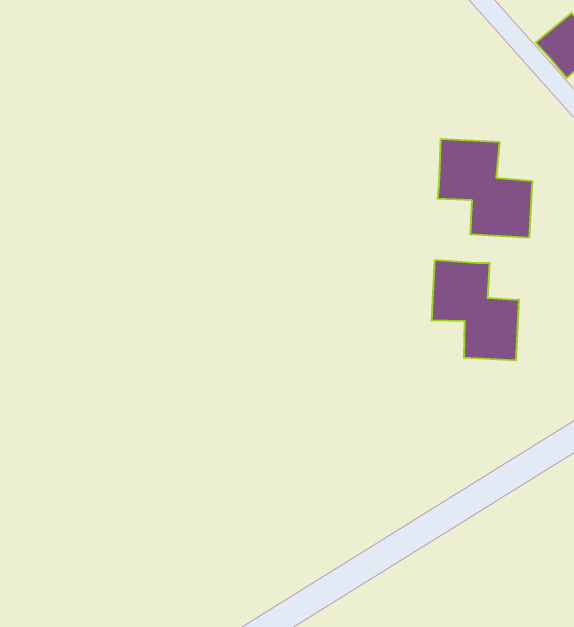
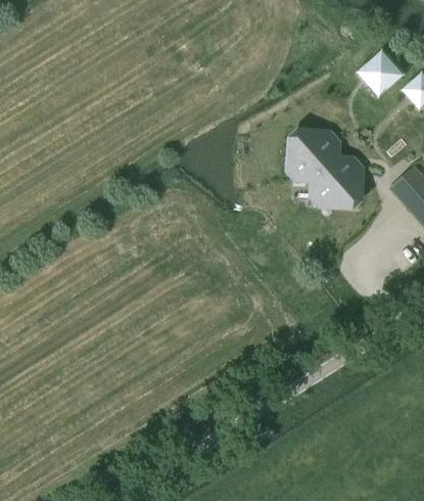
building: [432,260,519,360] -> none

